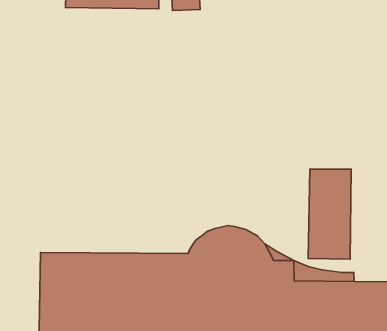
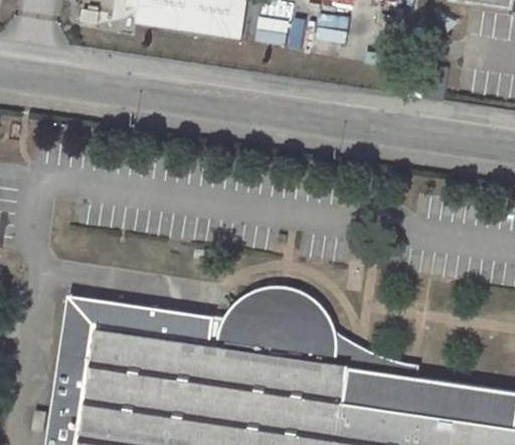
building: [308,169,351,259] -> none

